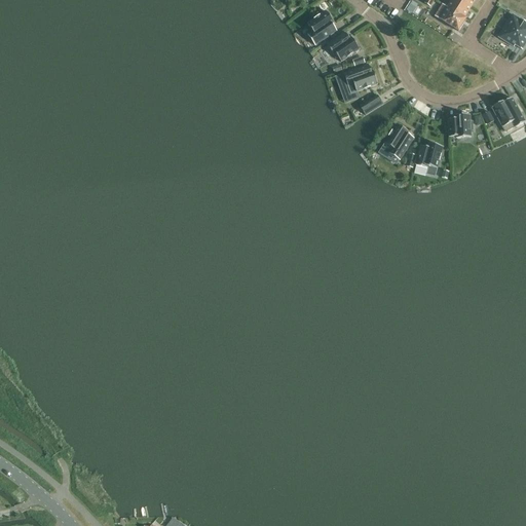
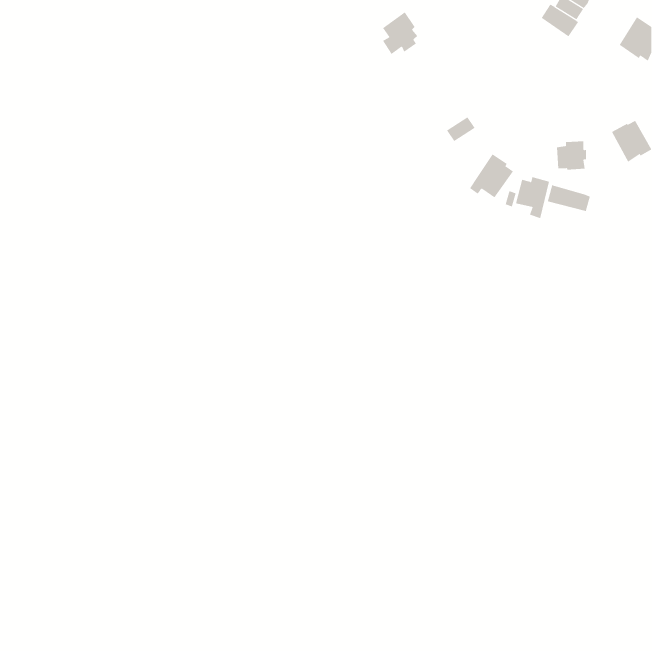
building: [326,31,359,61] -> none
building: [342,63,377,92] -> none
building: none -> [547,184,591,212]

